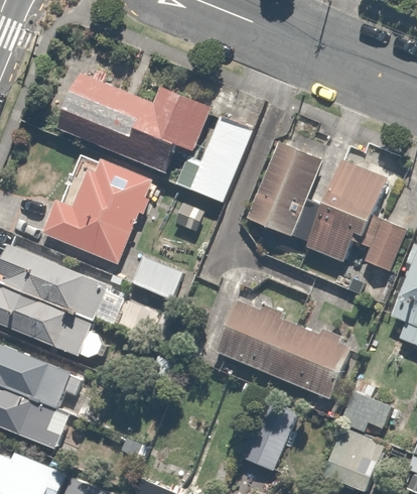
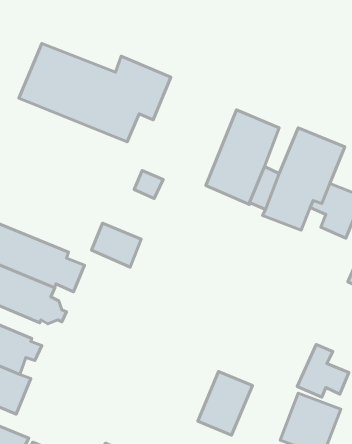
building: [175,116,253,203] -> none
building: [42,158,153,264] -> none
building: [215,300,351,399] -> none

